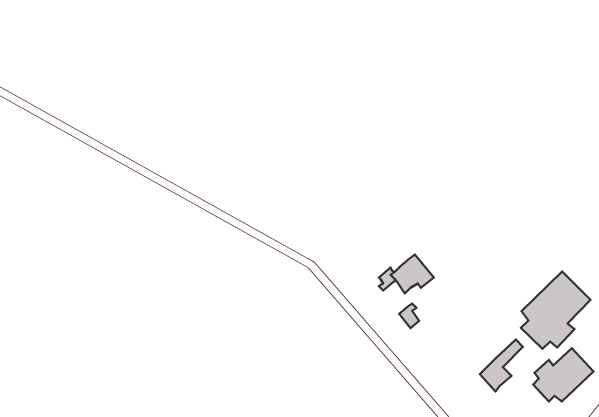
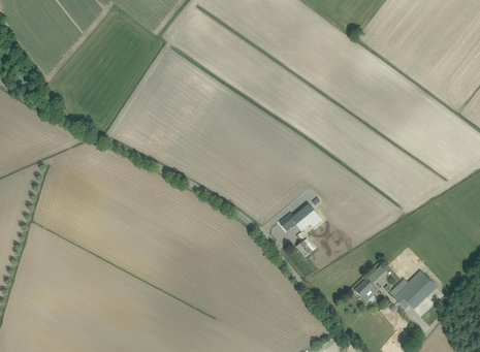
building: [521,271,591,349] -> none

